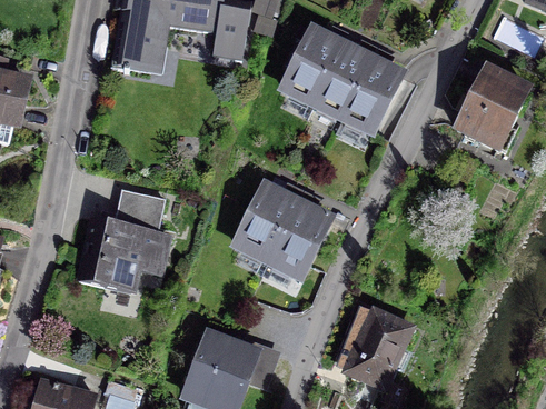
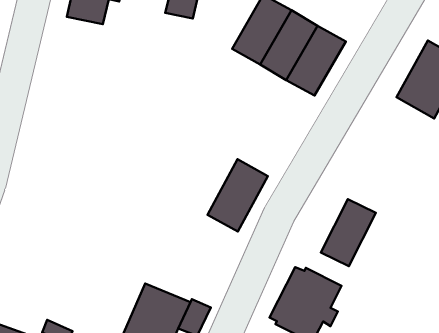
building: [238,188,297,261] -> none
building: [80,191,168,291] -> none
building: none -> [321,199,376,266]

